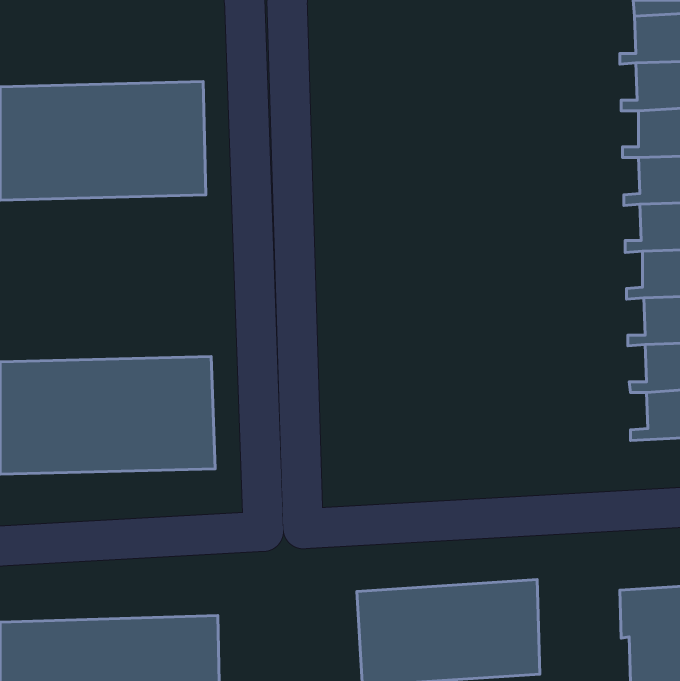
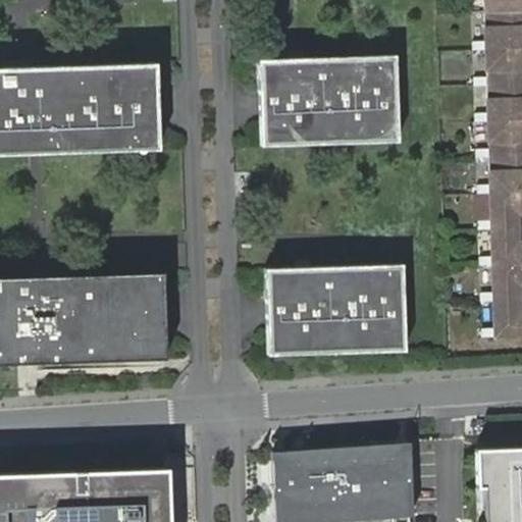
building: none -> [259,55,400,147]
building: none -> [266,265,406,356]

